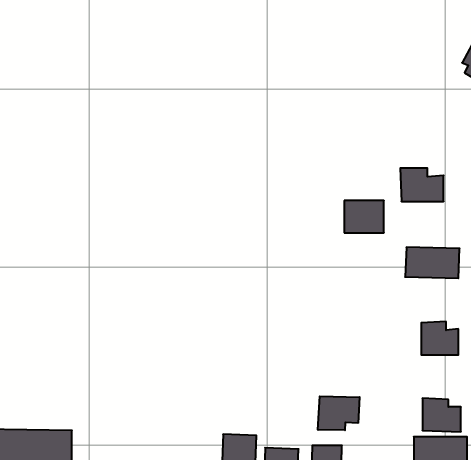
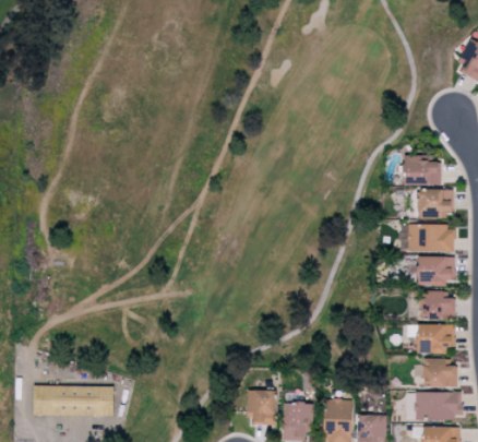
building: [344,201,384,233] -> [418,189,453,217]
building: none -> [417,256,455,286]
building: none -> [418,324,455,354]
building: [318,396,360,430] -> none

